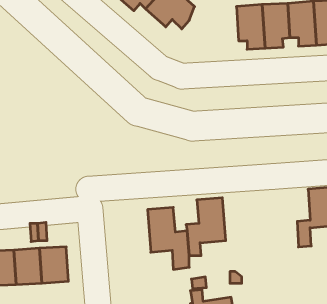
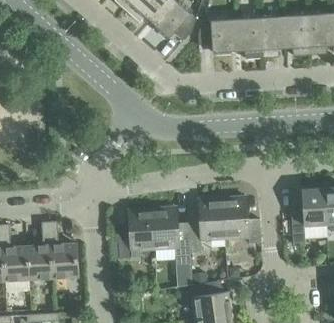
building: none -> [198,19,237,53]
building: none -> [222,197,261,244]
building: none -> [118,209,155,258]

